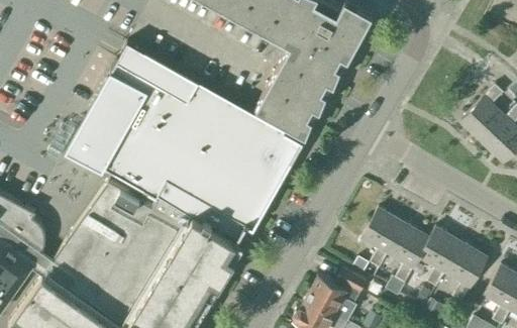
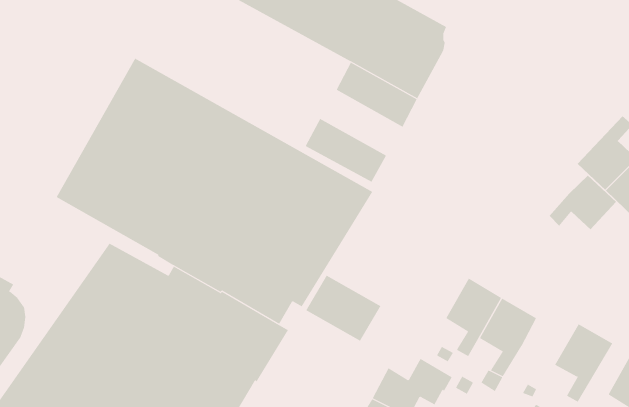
building: [266,70,328,119] -> none
building: none -> [549,175,617,230]
building: none -> [306,275,381,341]
building: [418,231,460,290] -> none

